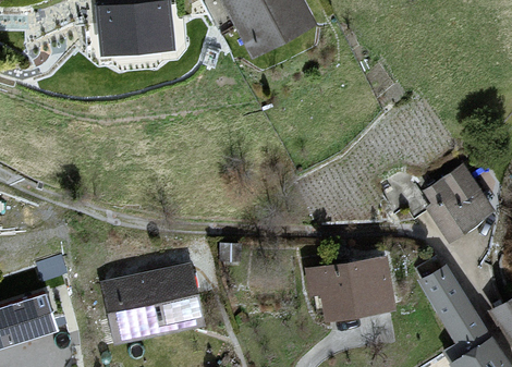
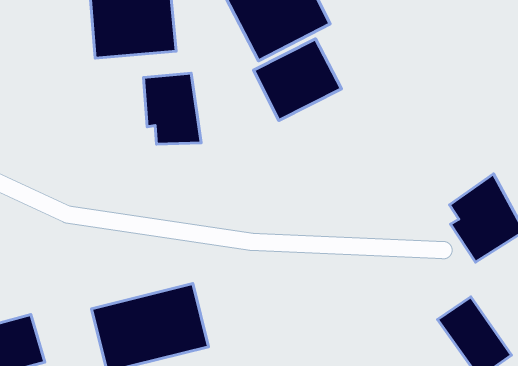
building: none -> [254,39,341,121]
building: none -> [143,73,201,144]
building: [306,255,395,322] -> none

